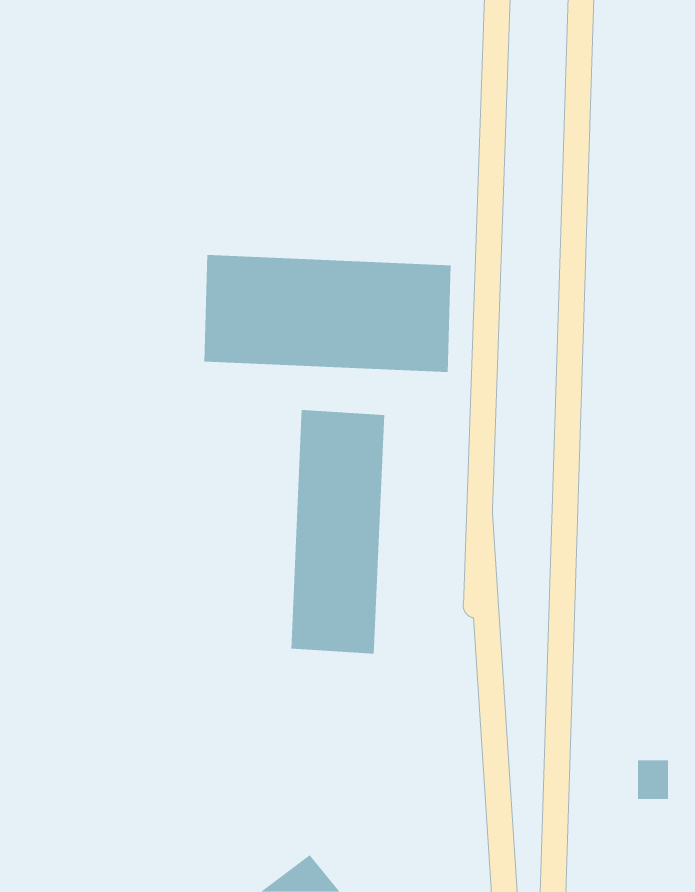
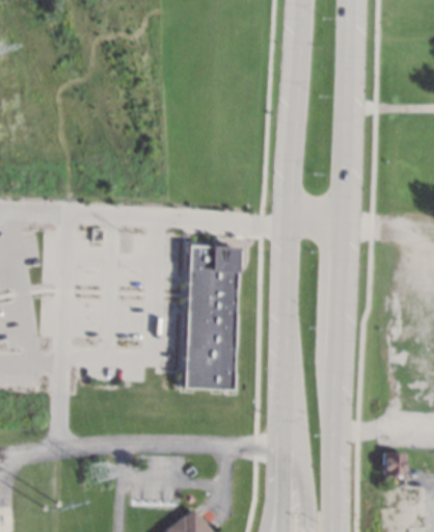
building: [204,254,452,373] -> none

